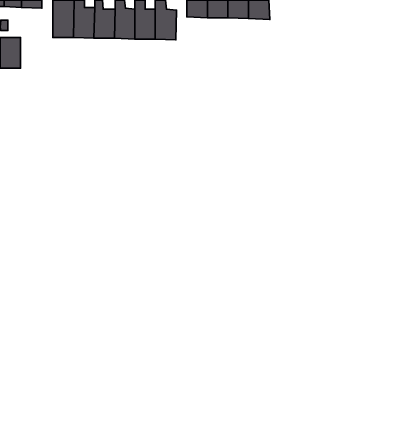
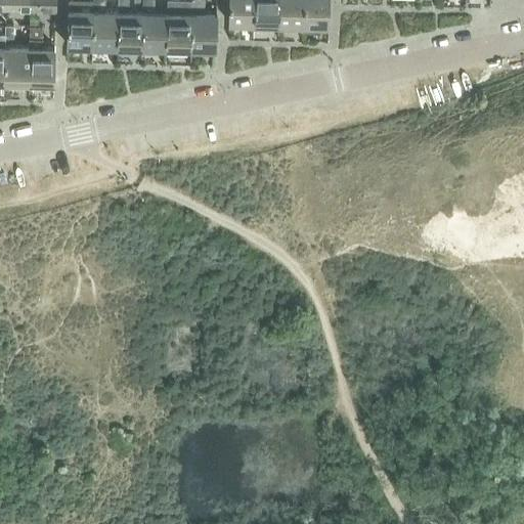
building: none -> [29,28,54,86]

